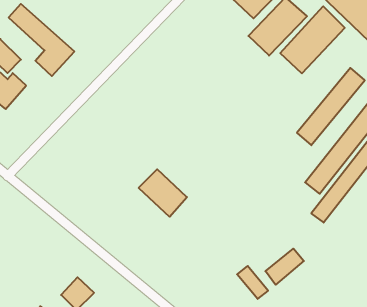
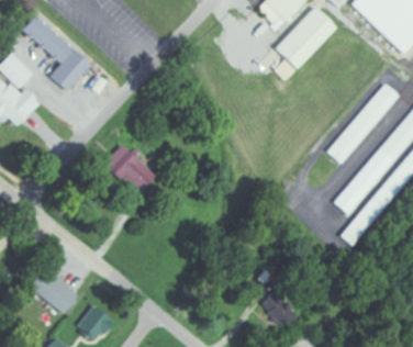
building: [280,6,345,73] -> none
building: [139,169,187,217] -> [101,145,153,195]
building: none -> [26,271,76,313]
building: [265,249,304,285] -> none

